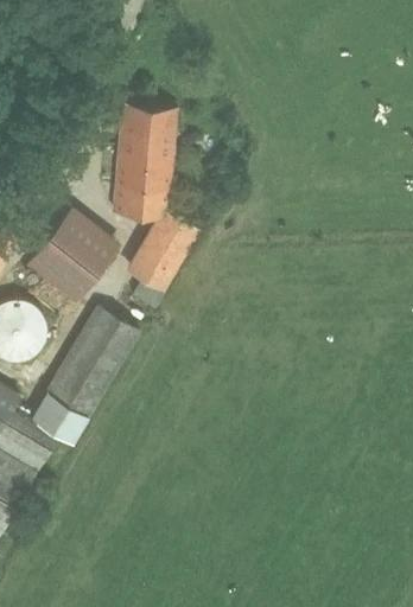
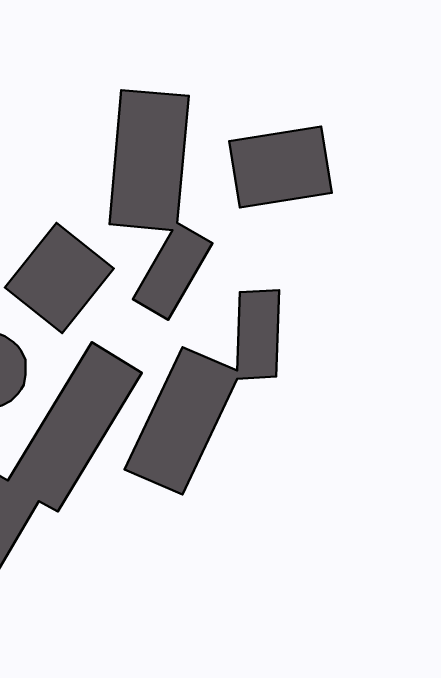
building: none -> [229,126,332,208]
building: none -> [124,290,279,494]

